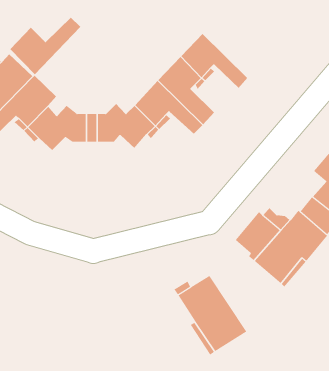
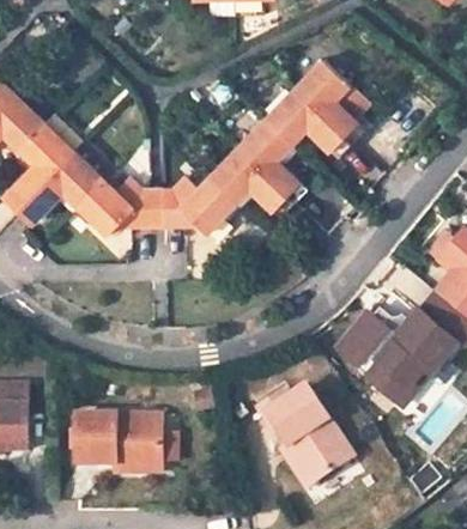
building: none -> [296,56,370,142]
building: [9,17,81,75] -> none
building: none -> [74,415,159,468]

